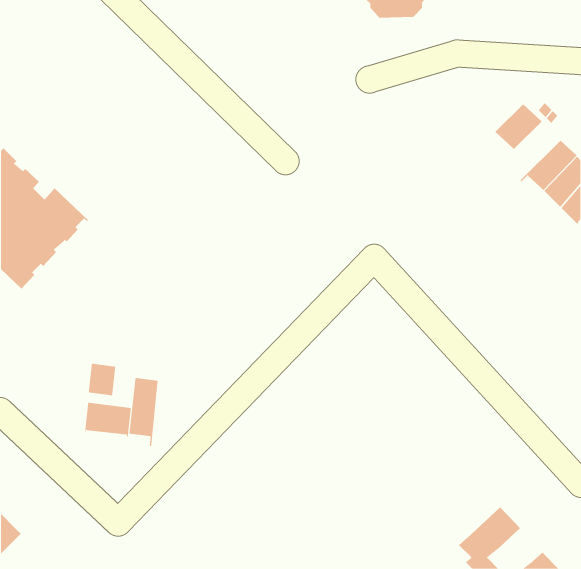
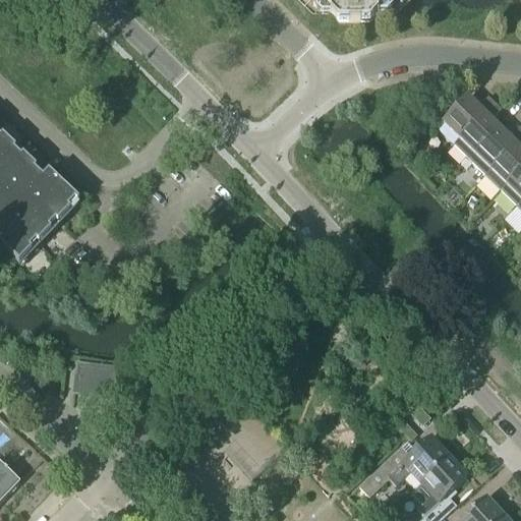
building: none -> [453,109,502,162]
building: [88,363,116,396] -> none
building: [129,377,158,447] -> none
building: none -> [359,435,448,491]

